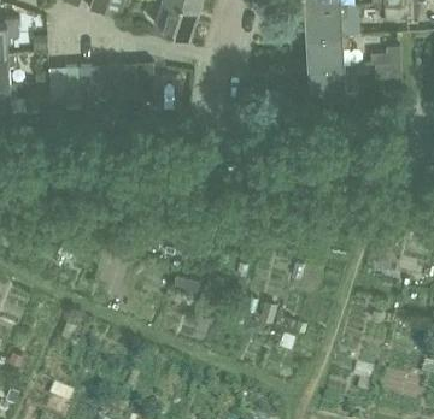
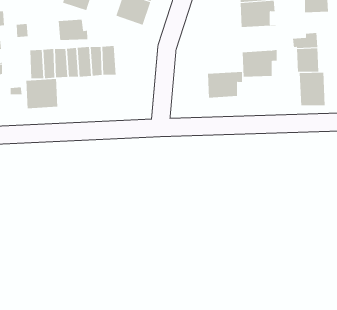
building: none -> [58,19,88,41]
building: [307,37,351,70] -> [207,72,243,98]
building: none -> [299,72,325,106]
building: none -> [26,78,58,109]

